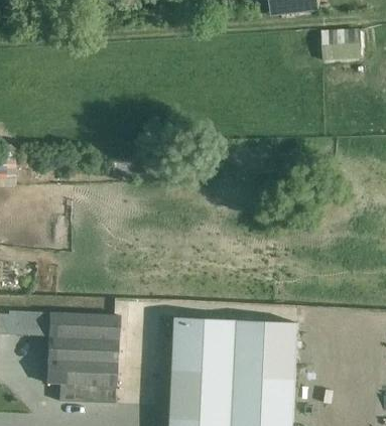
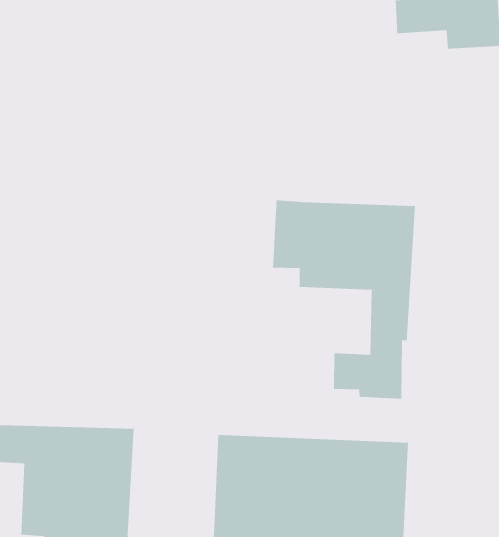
building: none -> [273,200,415,400]

